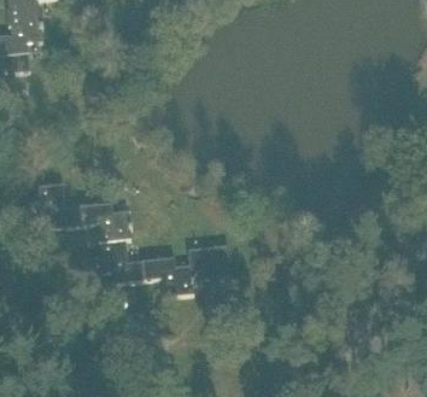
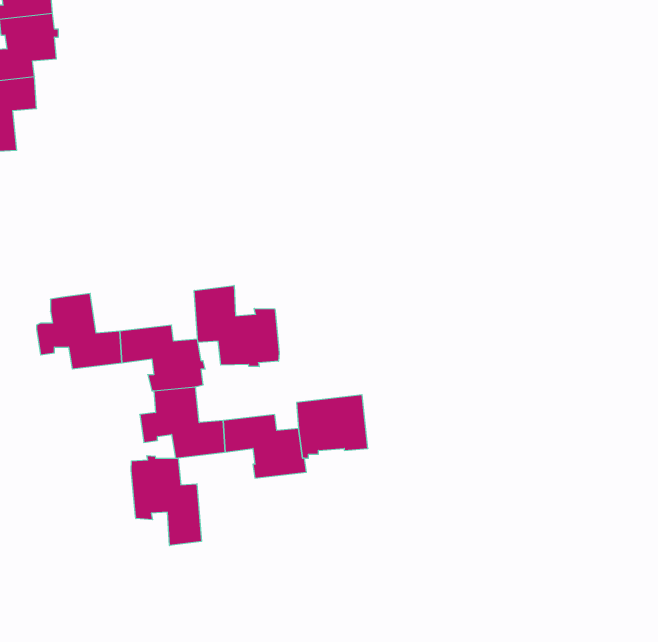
building: none -> [194,285,279,367]
building: none -> [131,456,201,546]

